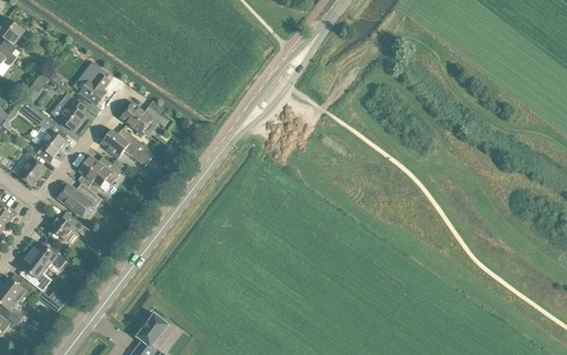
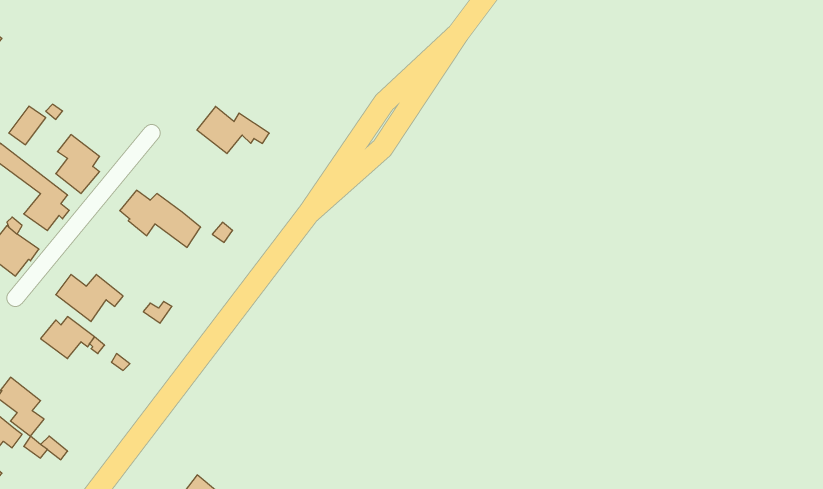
building: [79,61,110,105] -> none
building: [120,102,167,133] -> [197,106,269,154]
building: [78,156,122,187] -> none
building: [28,241,69,269] -> none

